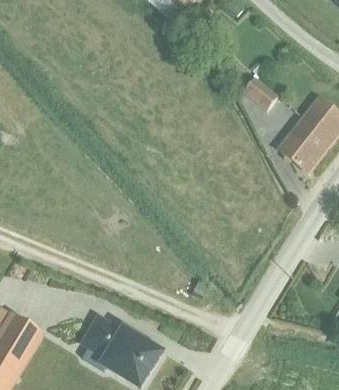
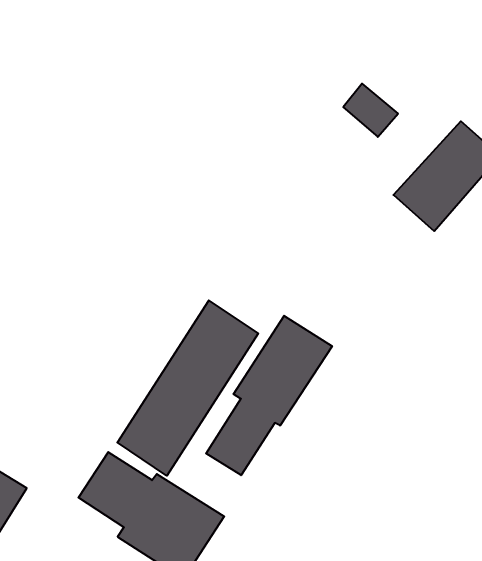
building: none -> [117,300,258,476]
building: none -> [206,316,332,475]

